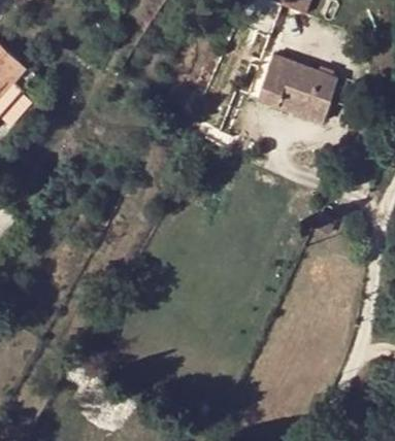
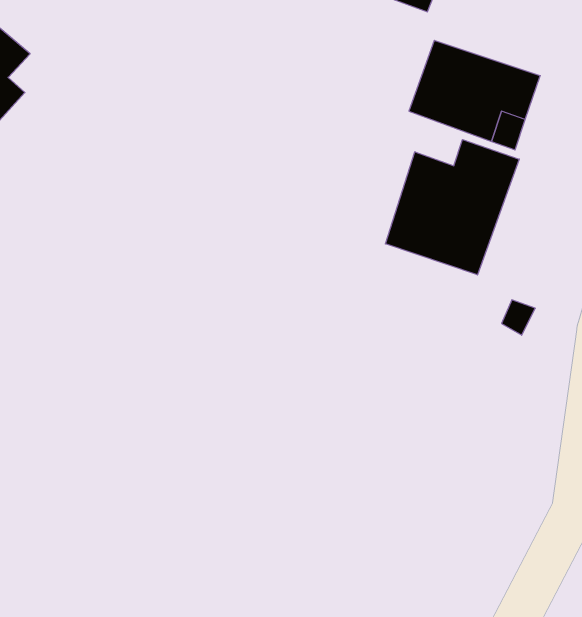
building: none -> [385,140,519,275]

